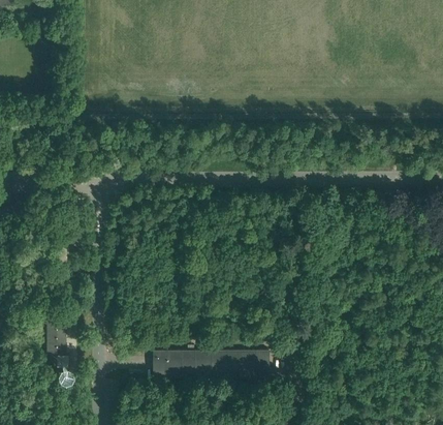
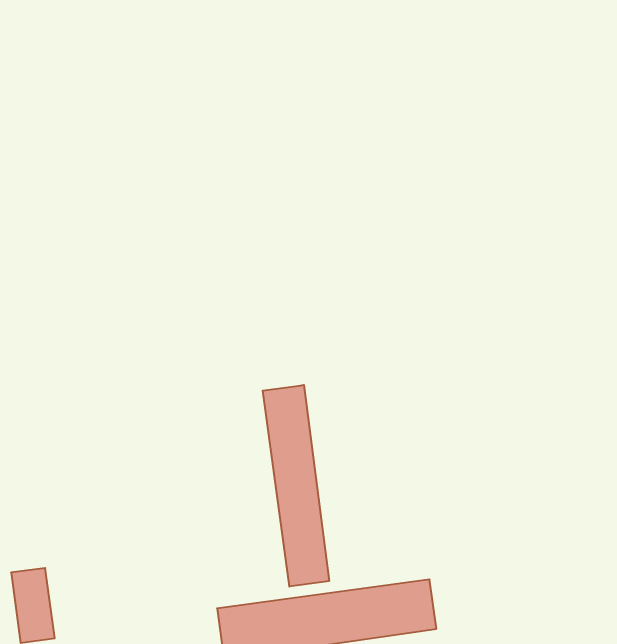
building: none -> [263,385,329,587]

